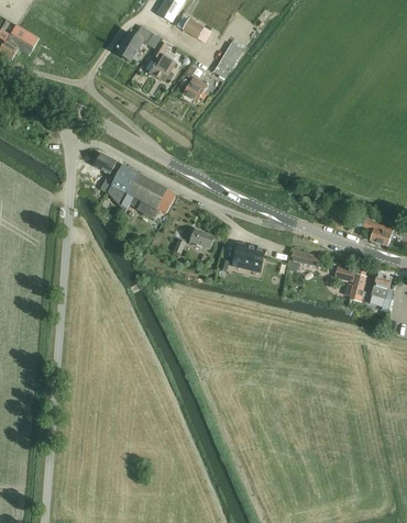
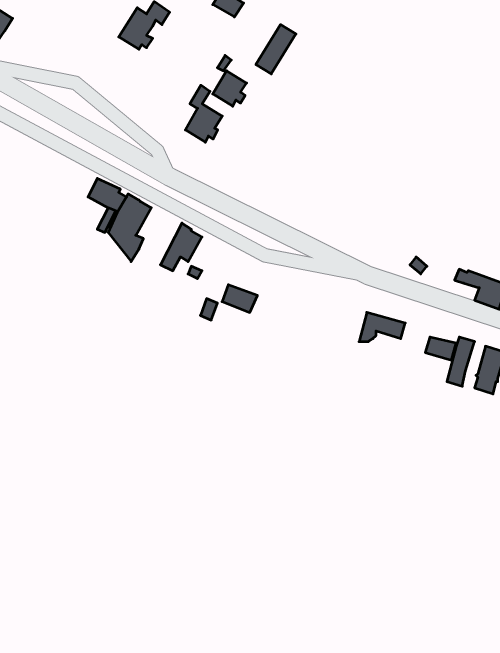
building: [150,41,176,81] -> [185,85,222,142]
building: [128,173,161,214] -> none
building: [232,243,265,268] -> none

